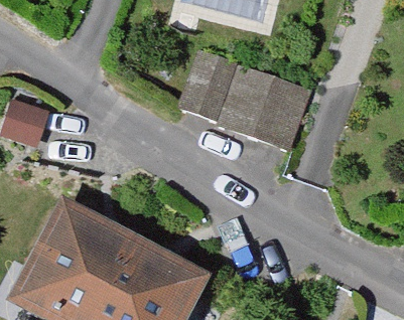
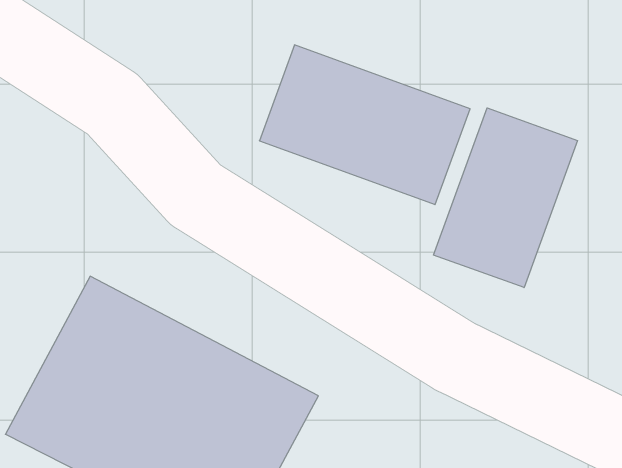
building: none -> [434,108,578,288]

